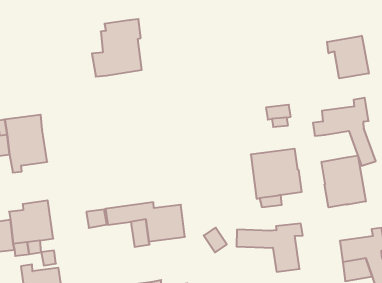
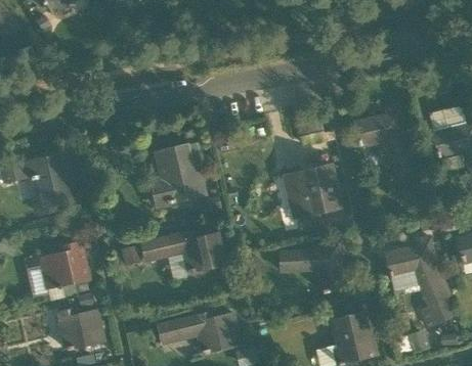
building: [92,19,142,77] -> [152,142,205,205]
building: [327,36,369,78] -> none
building: [322,155,366,207] -> none

